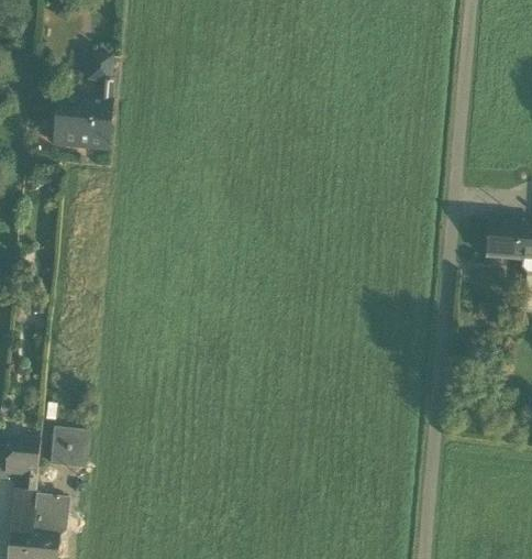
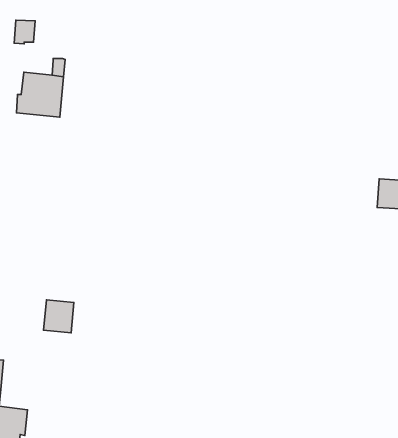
building: [87,54,112,83] -> [14,20,35,44]
building: [51,429,87,469] -> [44,300,74,333]

